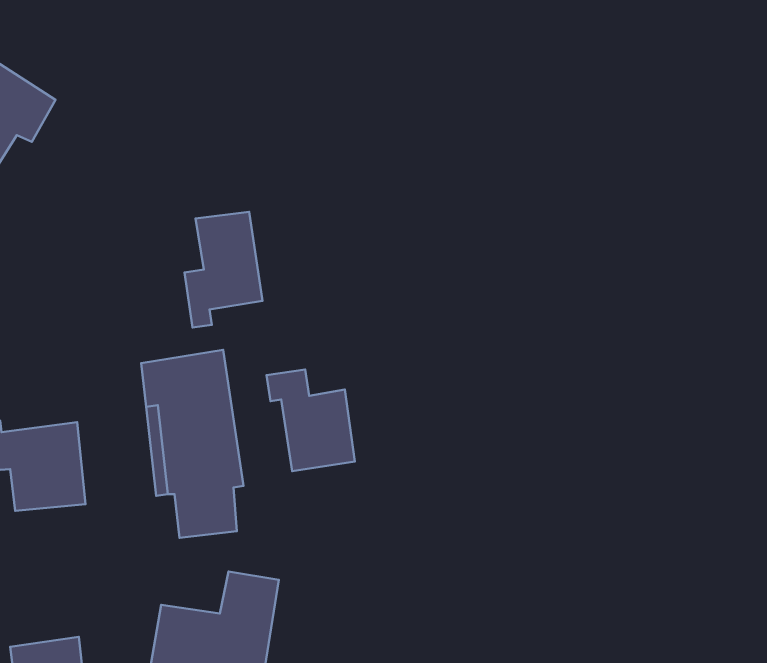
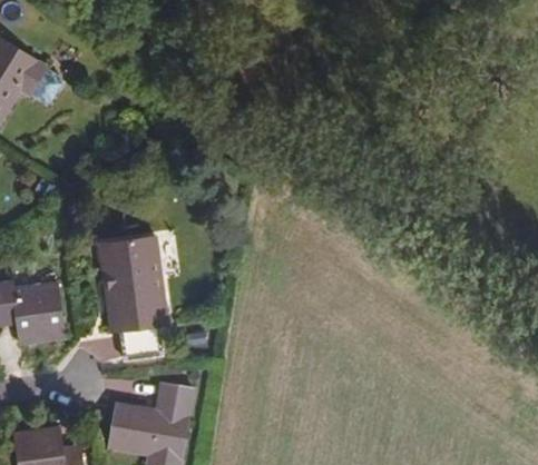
building: [184,212,263,328] -> none
building: [267,370,355,471] -> none

